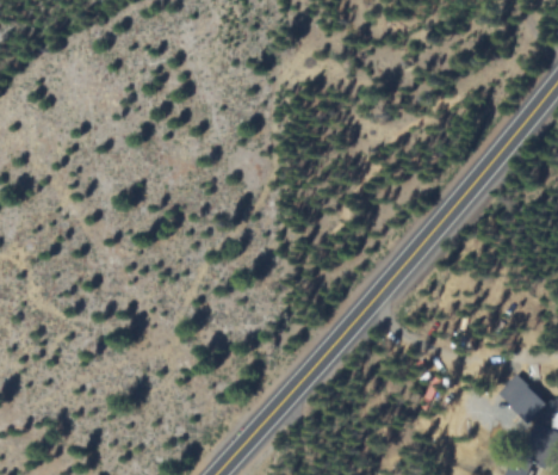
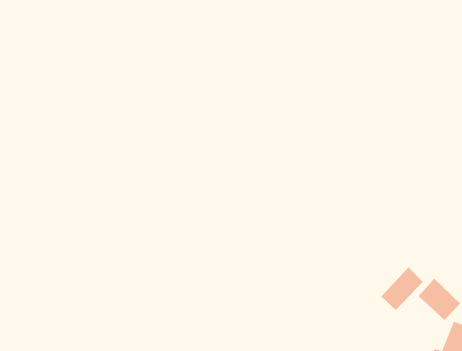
building: none -> [380,266,424,311]

